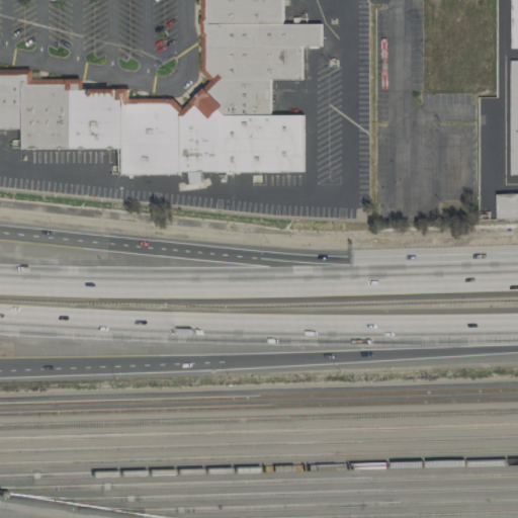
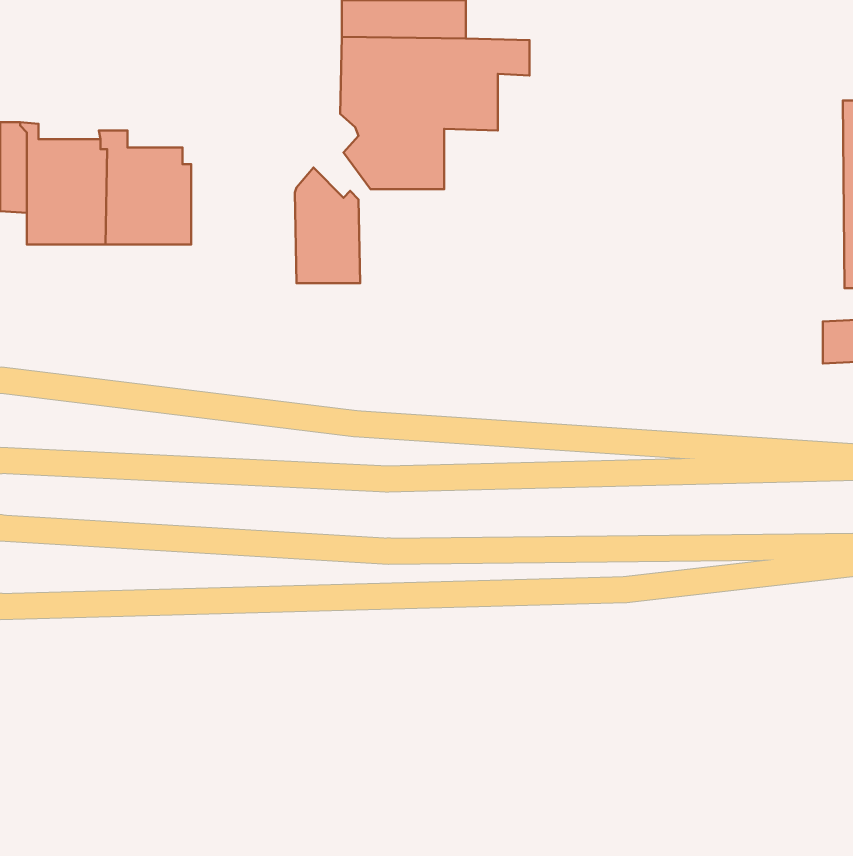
building: [191,88,304,172] -> none
building: [112,89,181,175] -> none

